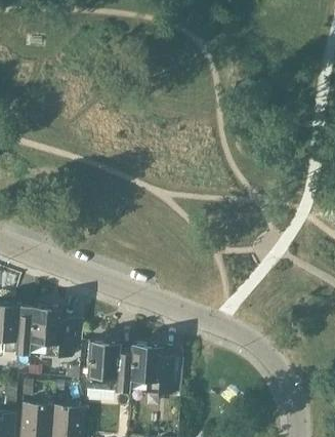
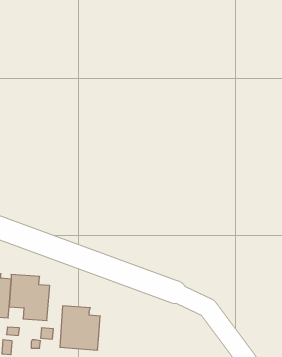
building: [128,346,173,395] -> none

